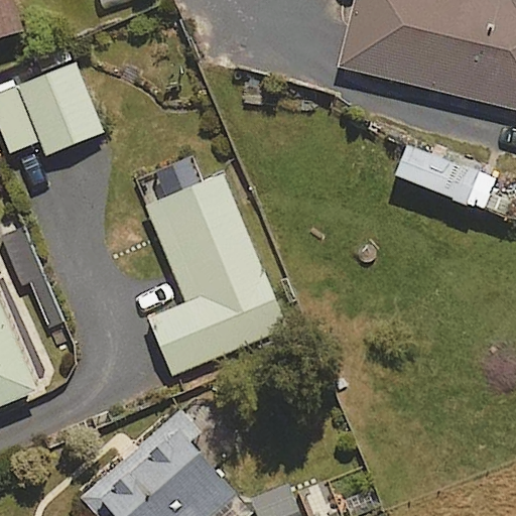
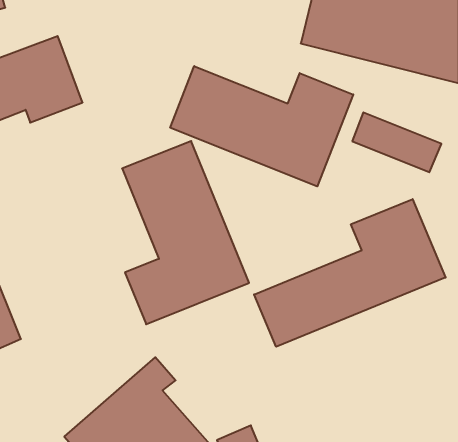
building: none -> [170,66,353,186]
building: none -> [254,199,446,347]

